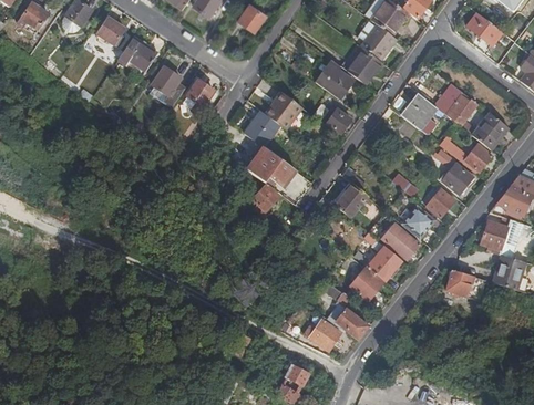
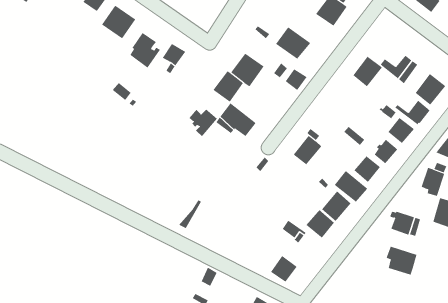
building: [349,50,382,85] -> none
building: [246,185,279,217] -> [188,109,218,137]
building: [328,307,369,340] -> none
building: none -> [386,246,418,275]

